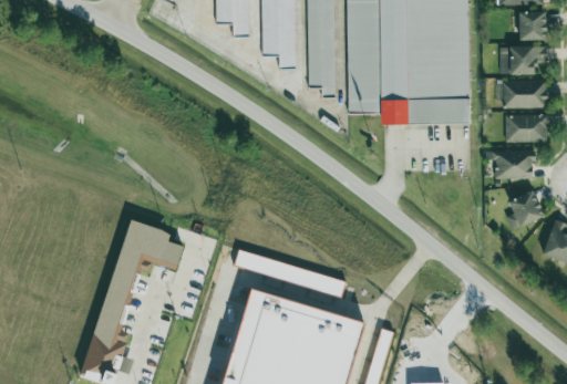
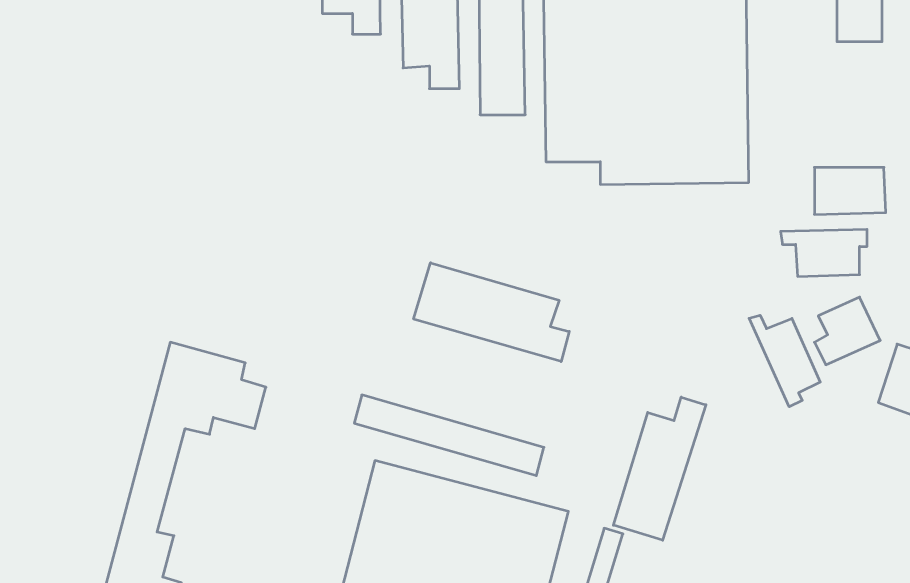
building: [501,46,548,75] -> none
building: [504,81,548,108] -> none
building: none -> [414,263,569,362]
building: none -> [749,315,820,407]
building: none -> [613,397,706,540]

